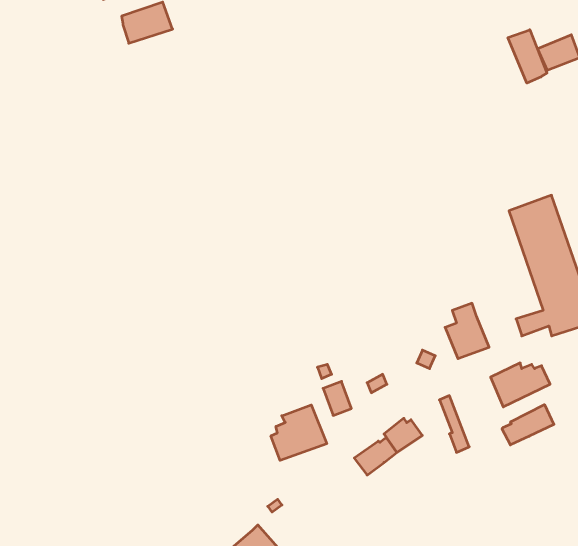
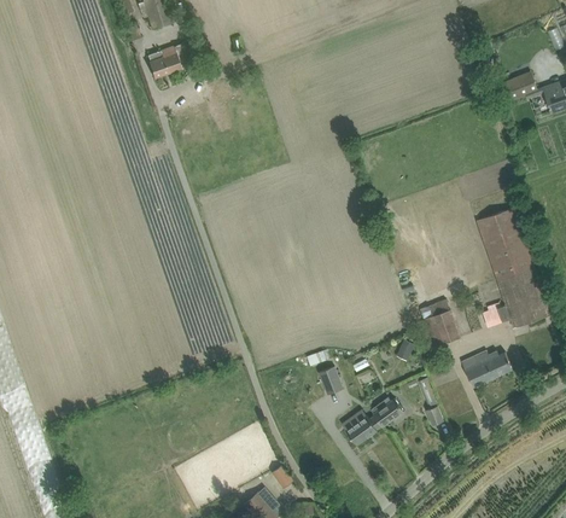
building: [508,30,547,83] -> none
building: [502,405,554,445] -> none
building: [271,405,327,460] -> none

